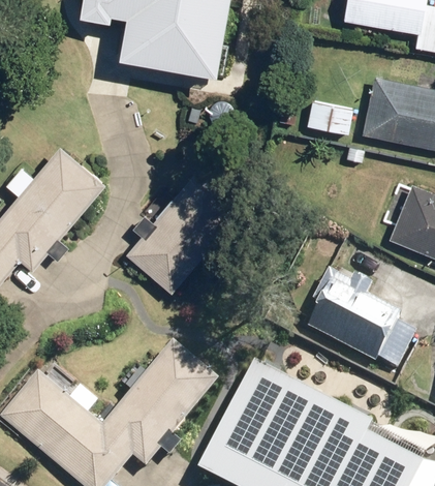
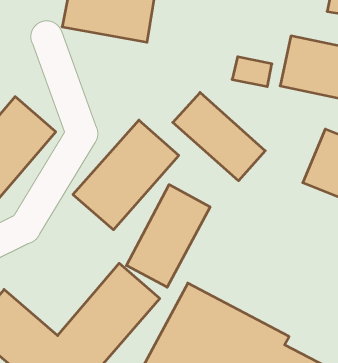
building: none -> [173,92,265,181]
building: none -> [126,185,210,287]
building: [306,266,415,370] -> none

